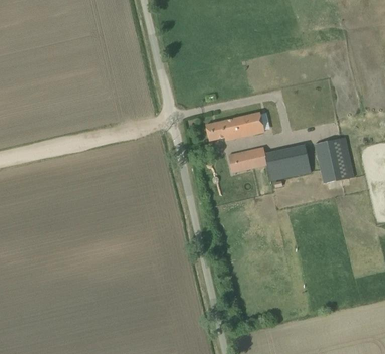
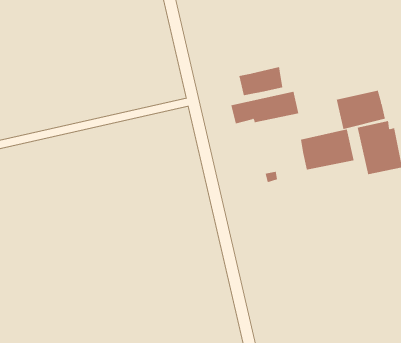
building: none -> [336,90,385,130]
building: [229,147,267,172] -> [238,66,283,96]

